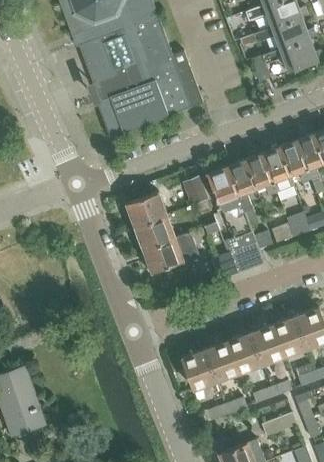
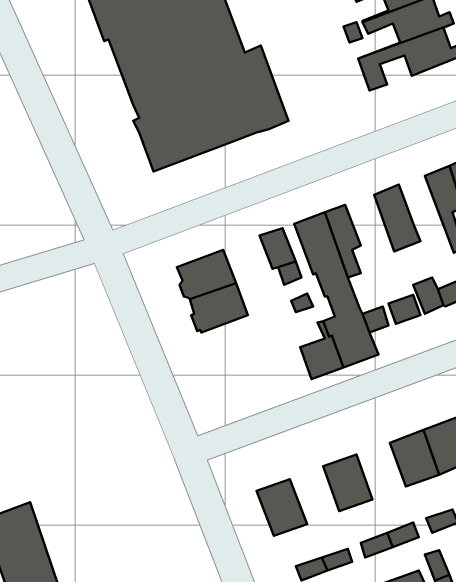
building: [279,141,312,183] -> none
building: [242,154,276,196] -> none
building: [143,232,201,272] -> none
building: [250,325,284,364] -> none
building: [204,341,238,381] -> none

